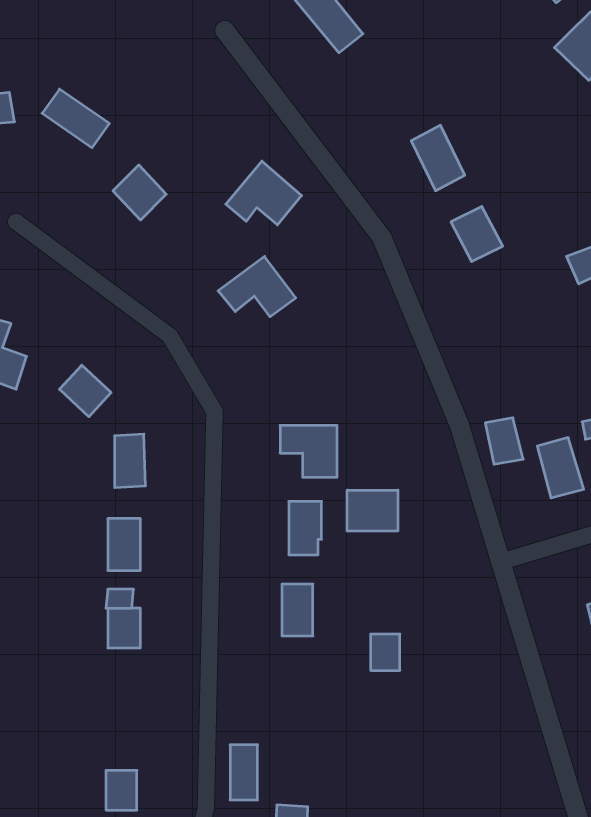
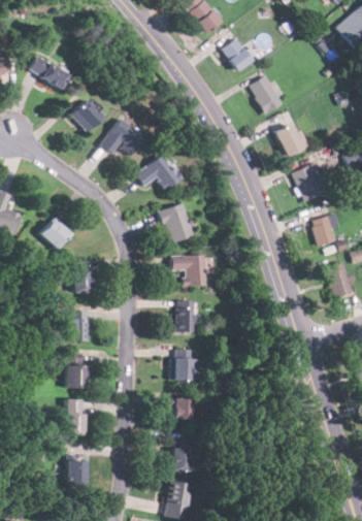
building: none -> [222,38,254,70]
building: [226,161,302,225] -> [100,118,145,156]
building: none -> [291,162,330,202]
building: none -> [158,202,196,243]
building: [485,418,523,464] -> [312,217,335,245]
building: [347,490,398,531] -> none
building: [371,634,400,670] -> [174,398,192,420]
building: none -> [67,400,86,434]
building: [230,745,258,800] -> [172,439,189,473]

